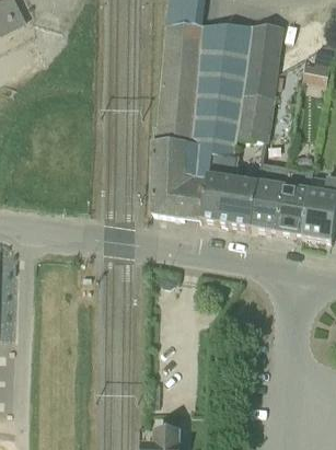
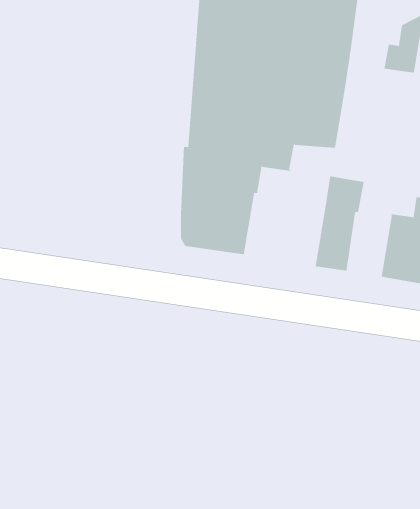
building: [199,155,259,230] -> none
building: [276,166,312,238] -> none

